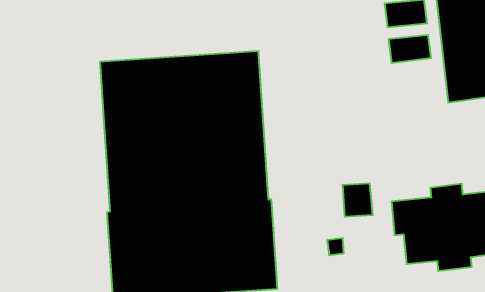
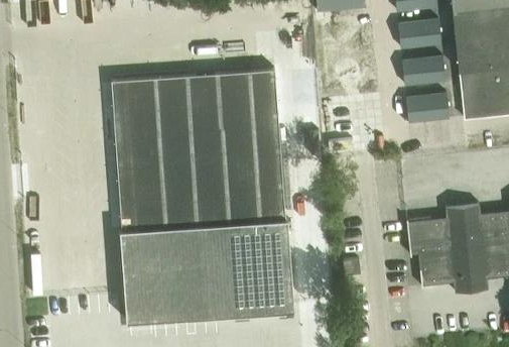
building: none -> [409,89,453,118]
building: [343,183,373,217] -> none

